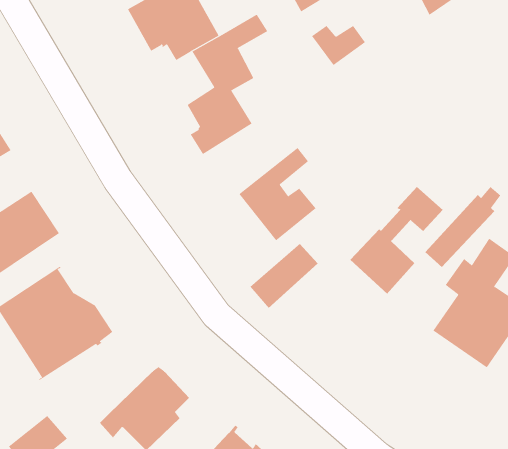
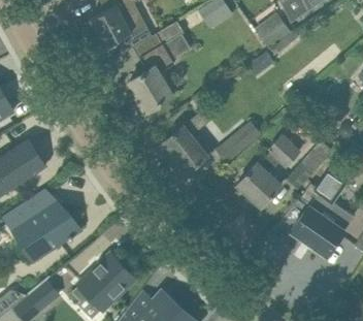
building: [311,25,366,66] -> [255,21,291,47]
building: [250,243,319,309] -> [217,122,262,165]

